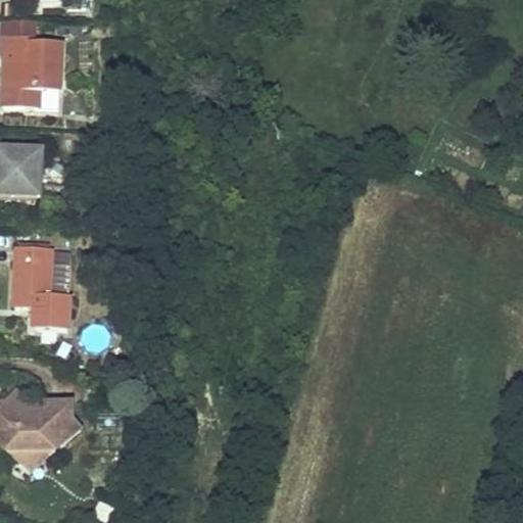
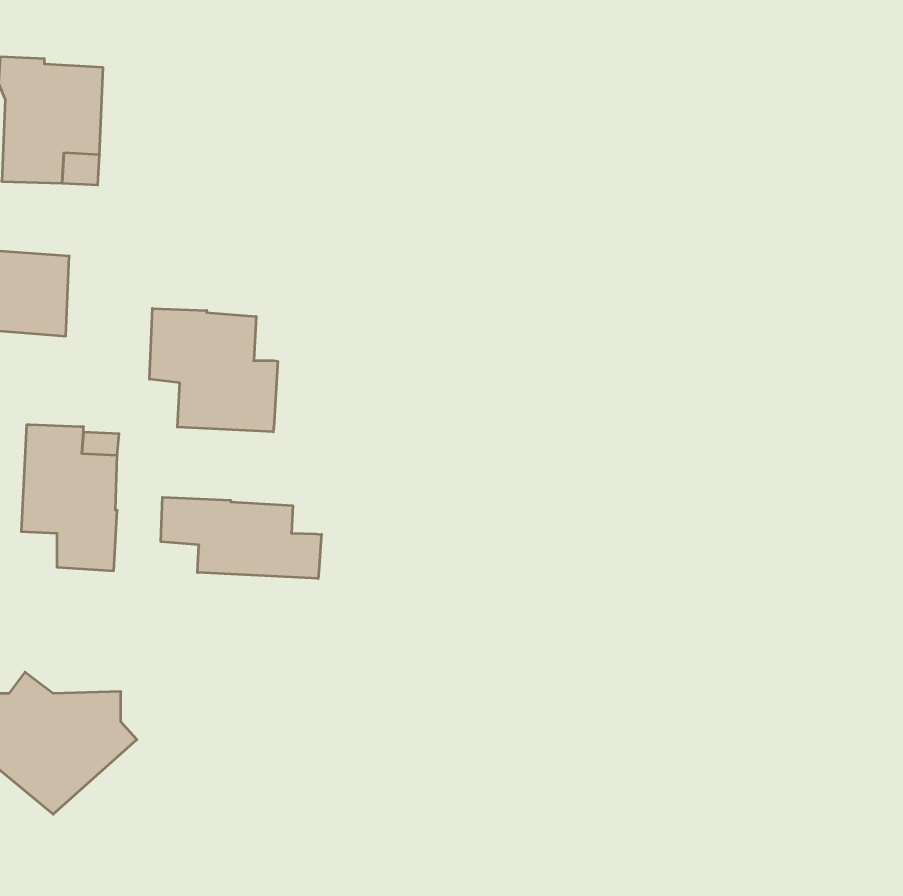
building: none -> [150,308,278,432]
building: none -> [161,497,322,579]

